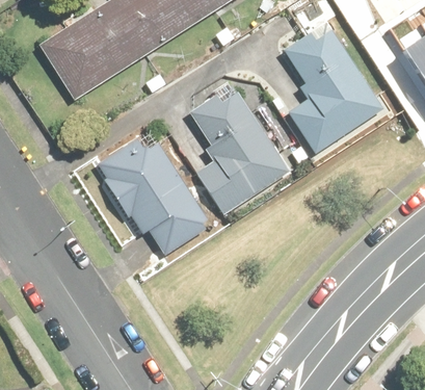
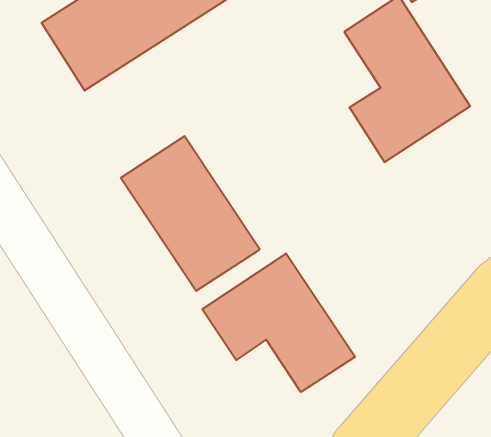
building: [188,84,296,214] -> none
building: none -> [202,253,355,392]

